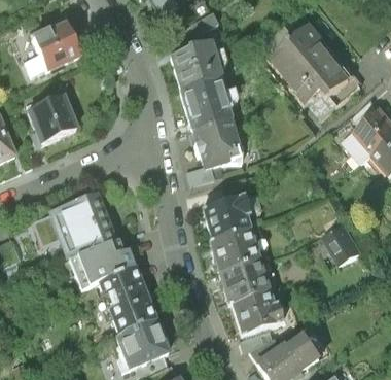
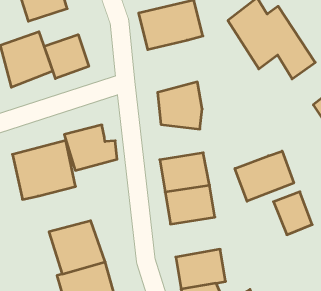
building: [175,77,229,134] -> none
building: none -> [44,35,89,79]
building: none -> [235,151,294,201]
building: [81,239,138,288] -> [64,125,117,170]
building: [219,253,273,299] -> none

